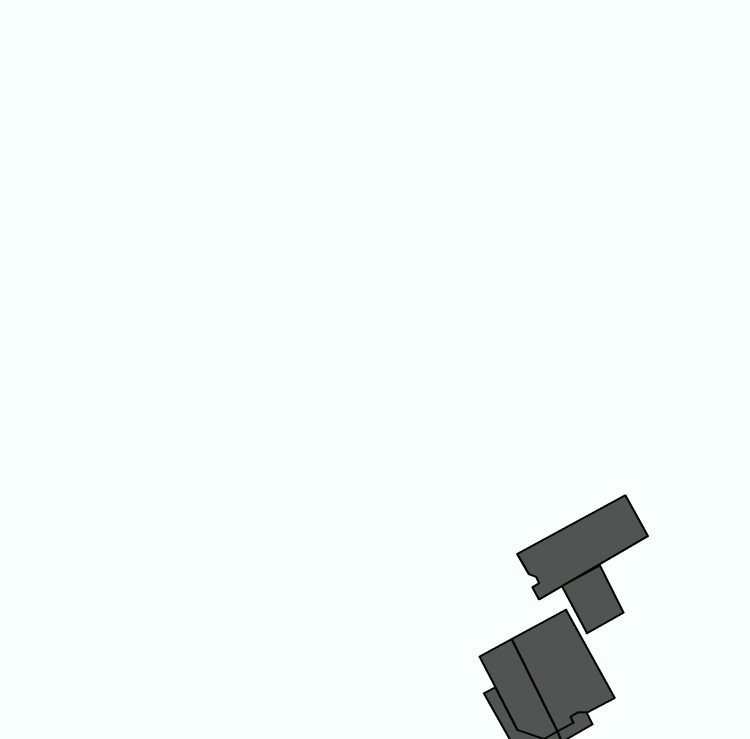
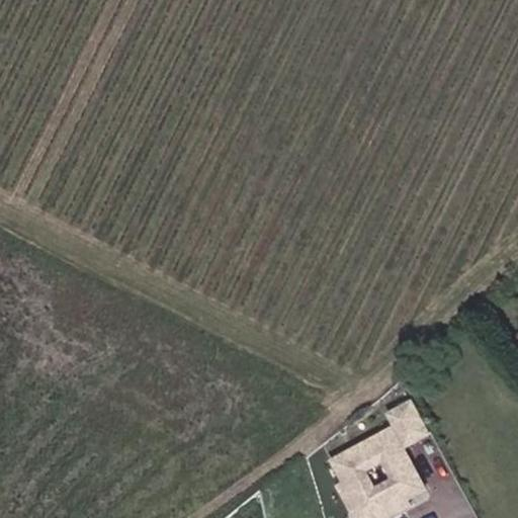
building: [517,495,648,599] -> none

